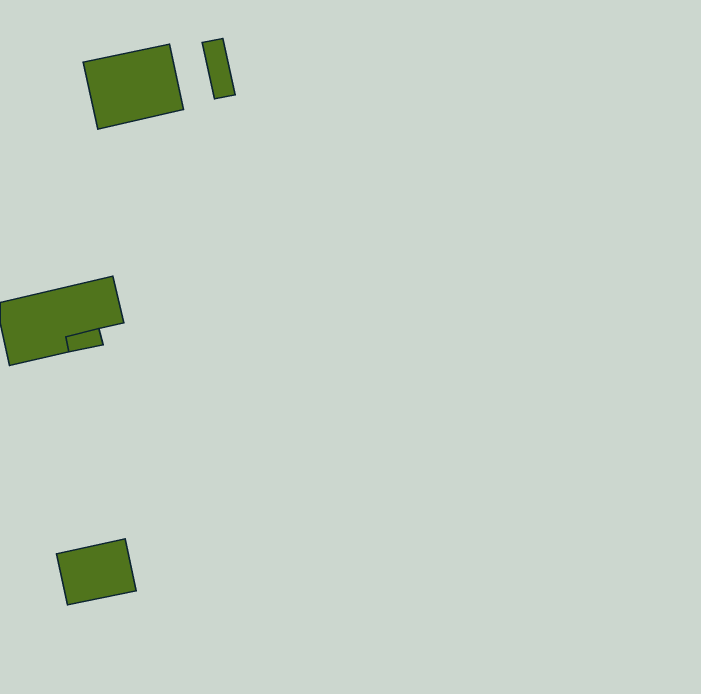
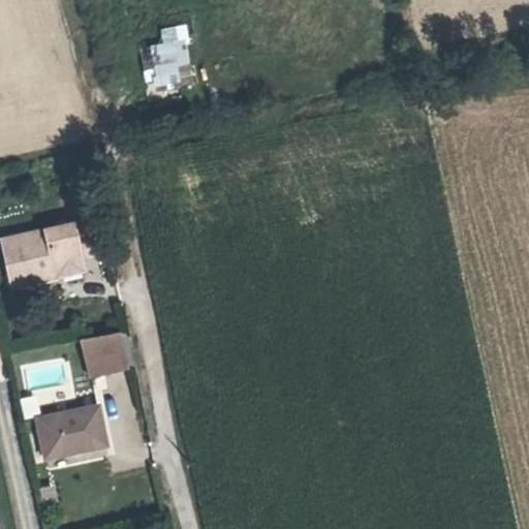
building: [83,44,183,129] -> none
building: none -> [84,336,123,378]

